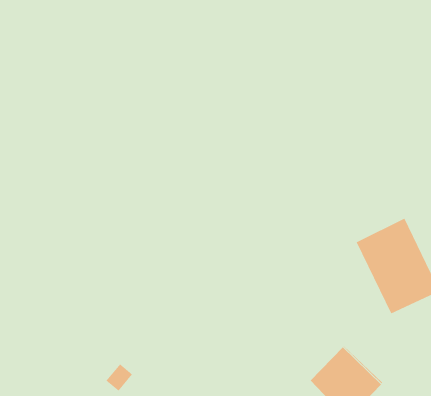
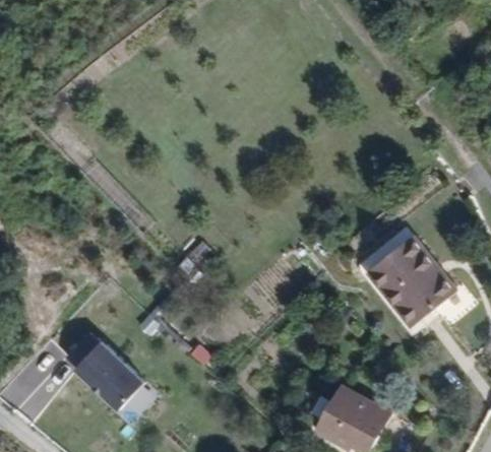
building: none -> [66,339,134,407]

